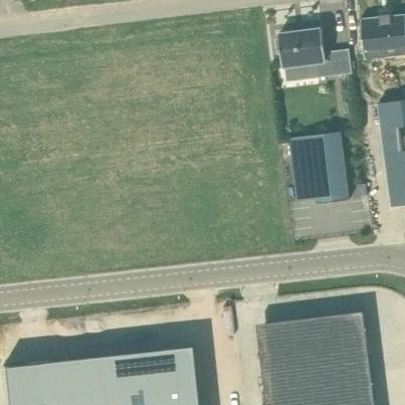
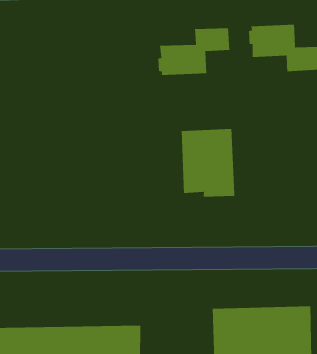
building: none -> [158,28,230,76]
building: [288,132,349,204] -> [181,128,235,198]

